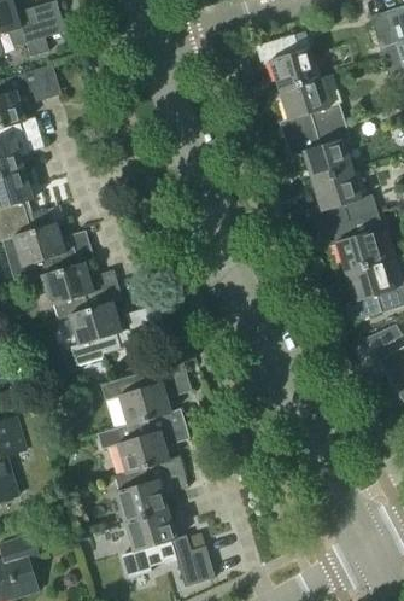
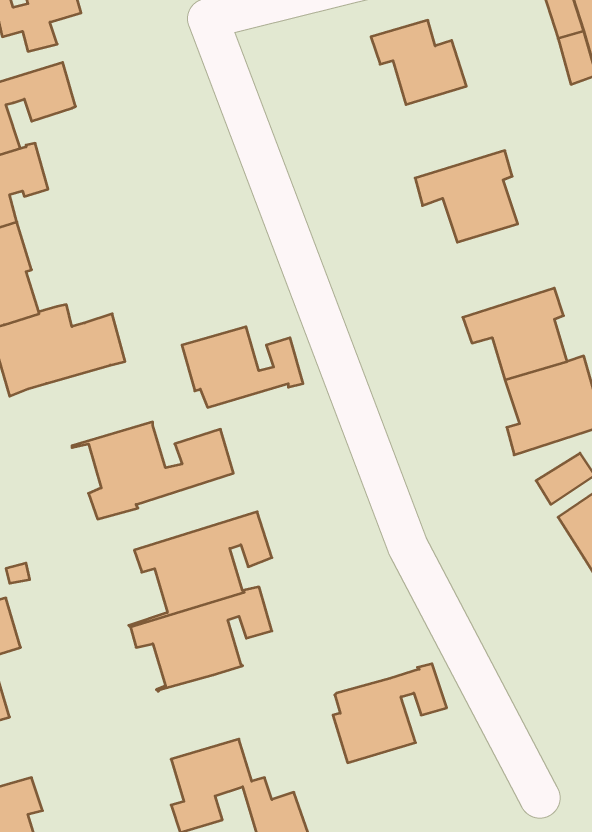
building: [279,80,344,140] -> none
building: [311,170,376,232] -> none
building: [42,263,122,316] -> [182,327,303,407]
building: [115,457,189,523] -> [333,664,447,763]

